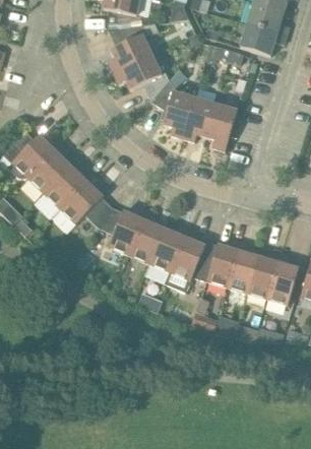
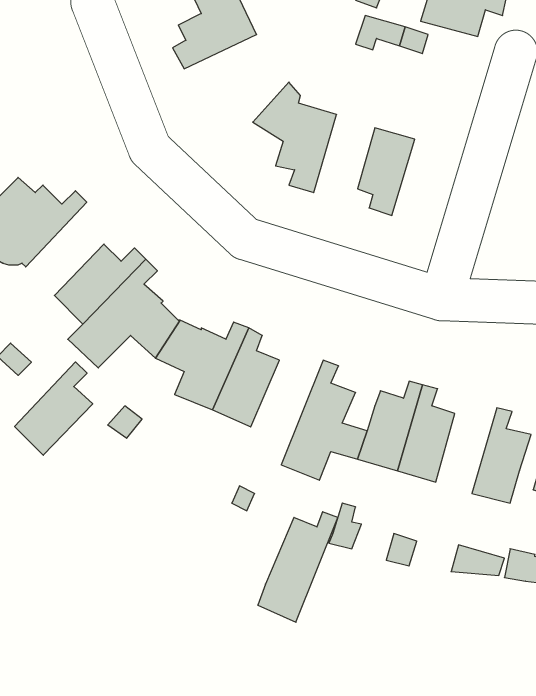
building: [114,54,170,101] -> none
building: [183,97,215,141] -> none
building: [29,143,71,193] -> [15,362,93,455]
building: [145,224,188,283] -> [258,512,338,622]
building: [248,250,281,299] -> none

